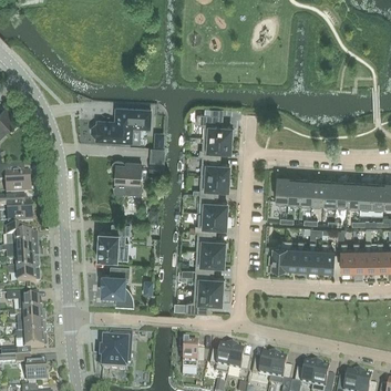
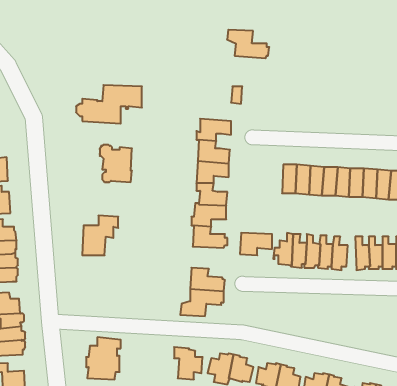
building: [196,112,234,137] -> [227,30,269,58]
building: [195,249,224,269] -> [240,233,272,255]
building: [101,264,134,305] -> none

